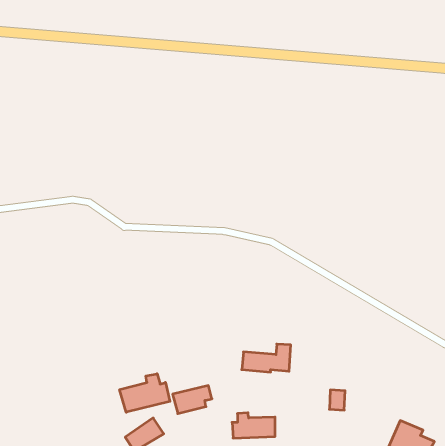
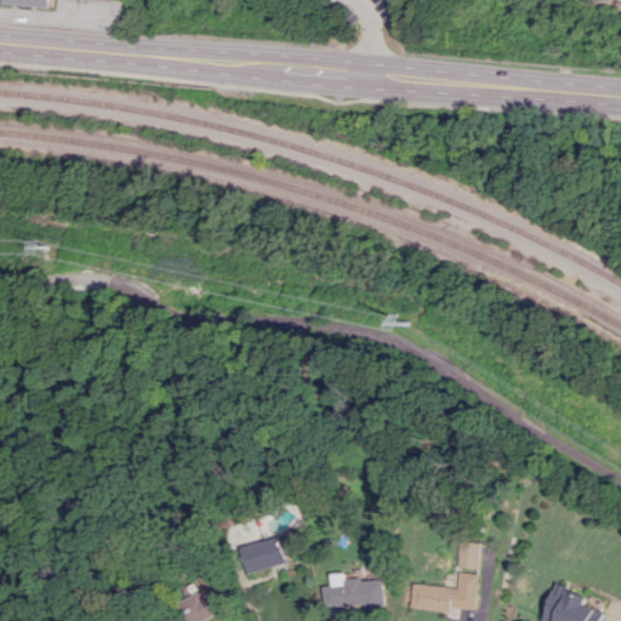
building: [242,344,291,372] -> [408,574,475,613]
building: [120,374,170,412] -> none

